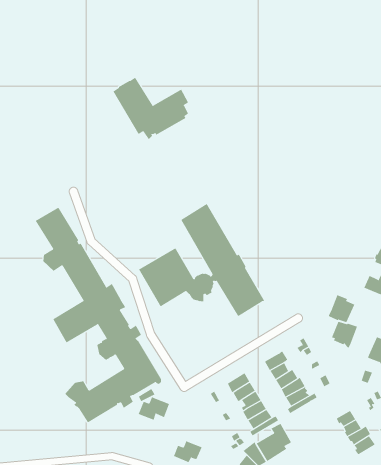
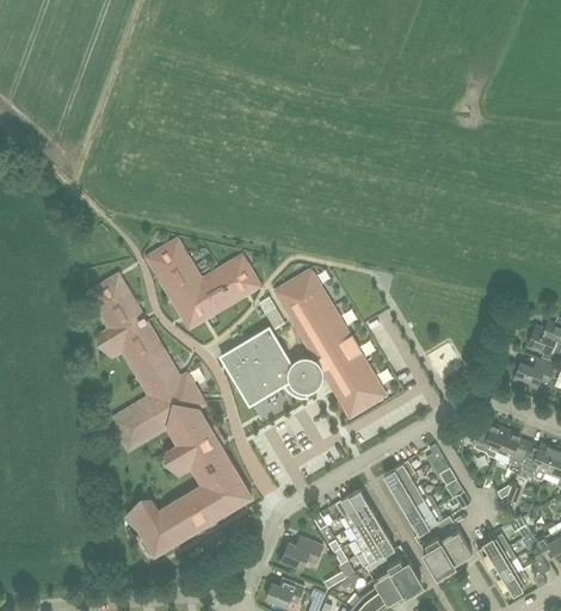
building: [113,77,189,140] -> [149,242,248,325]
building: [328,294,355,323] -> [494,430,530,467]
building: [138,397,170,421] -> [282,537,323,568]
building: none -> [420,531,473,572]

